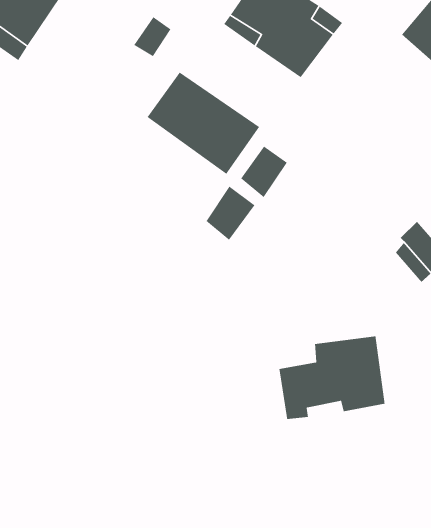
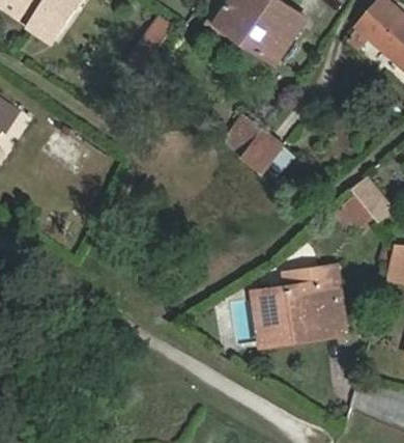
building: [146,72,260,175] -> none
building: [205,185,256,241] -> [243,130,283,173]
building: none -> [261,317,341,345]

